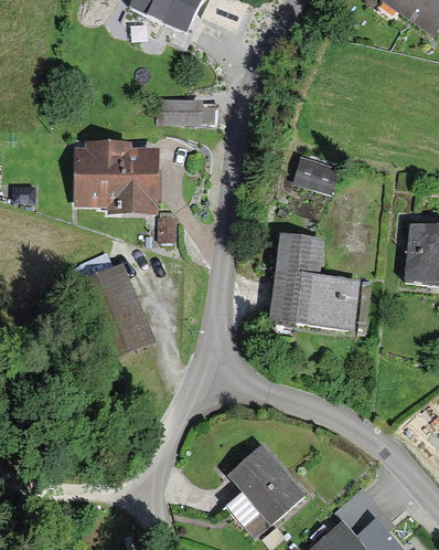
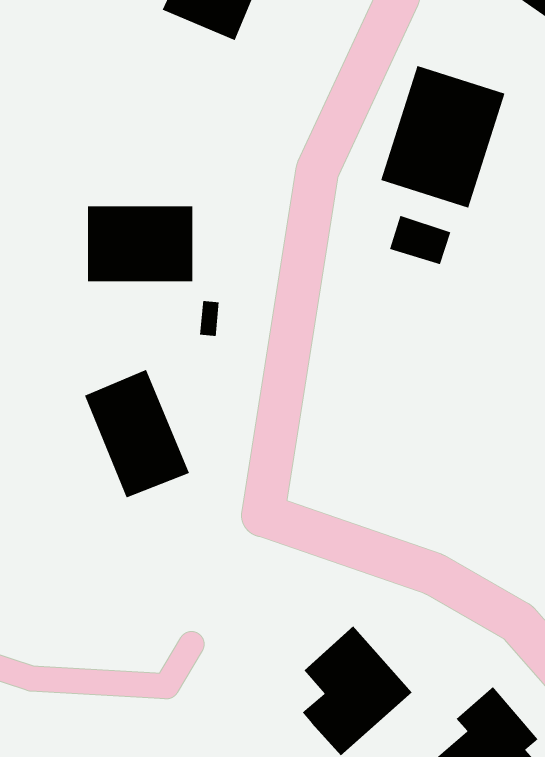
building: none -> [381,65,505,209]
building: [161,102,207,126] -> none
building: [270,233,354,326] -> none

